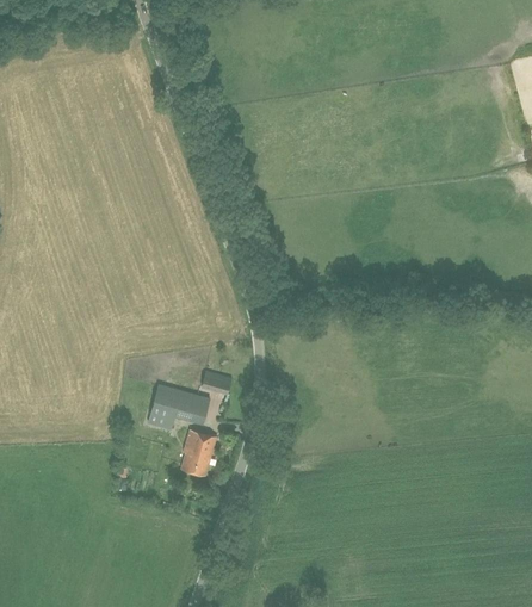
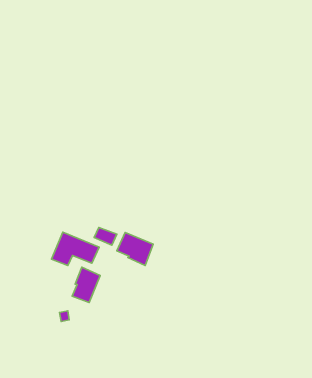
building: none -> [117,232,153,265]

